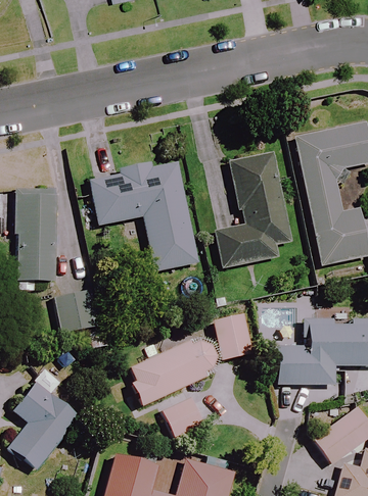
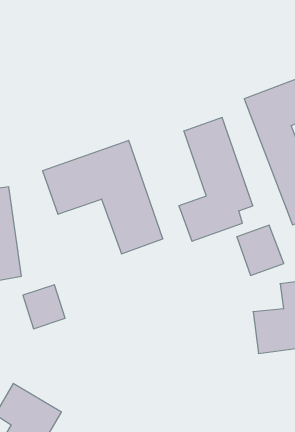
building: [214,313,256,359] -> [237,225,284,275]
building: [126,335,219,405] -> none
building: [163,397,200,433] -> none

